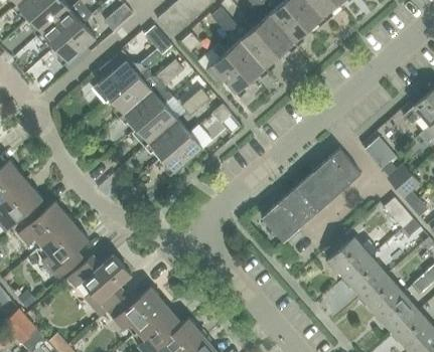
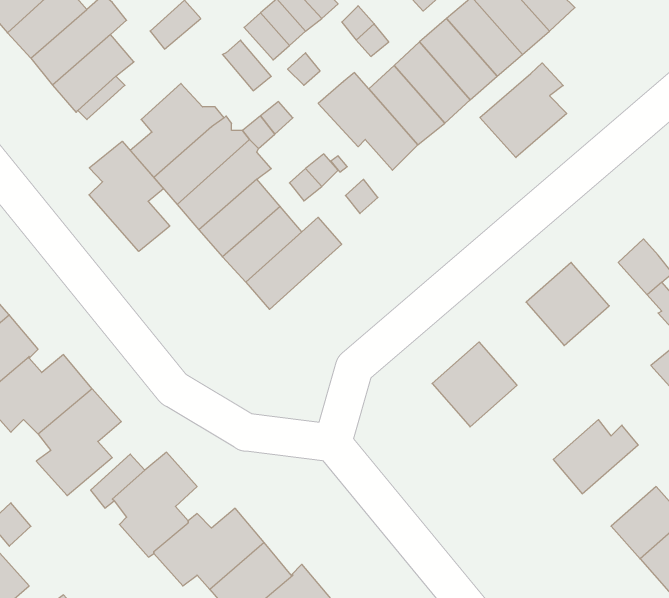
building: none -> [480,63,567,158]
building: none -> [89,141,170,251]
building: [287,171,334,217] -> none
building: [344,255,386,296] -> none

